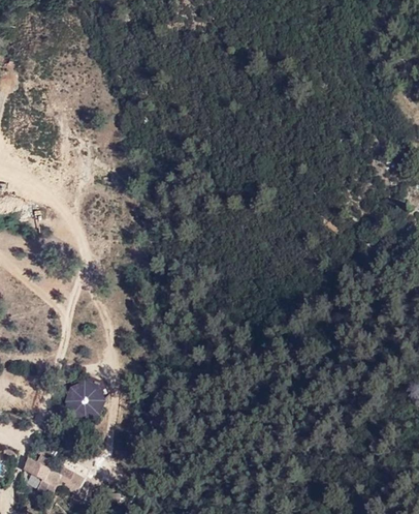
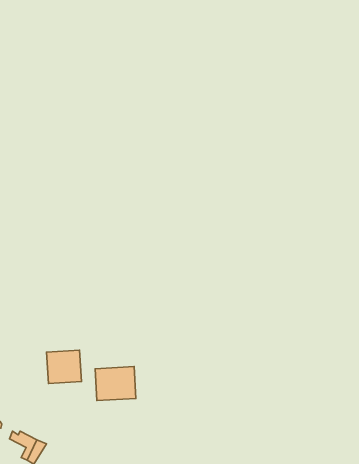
building: none -> [95,366,136,401]

